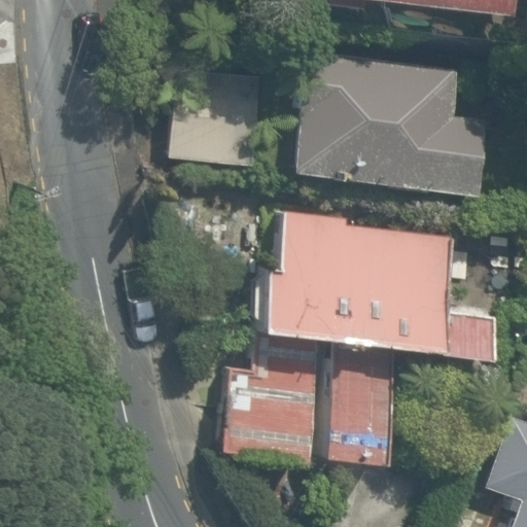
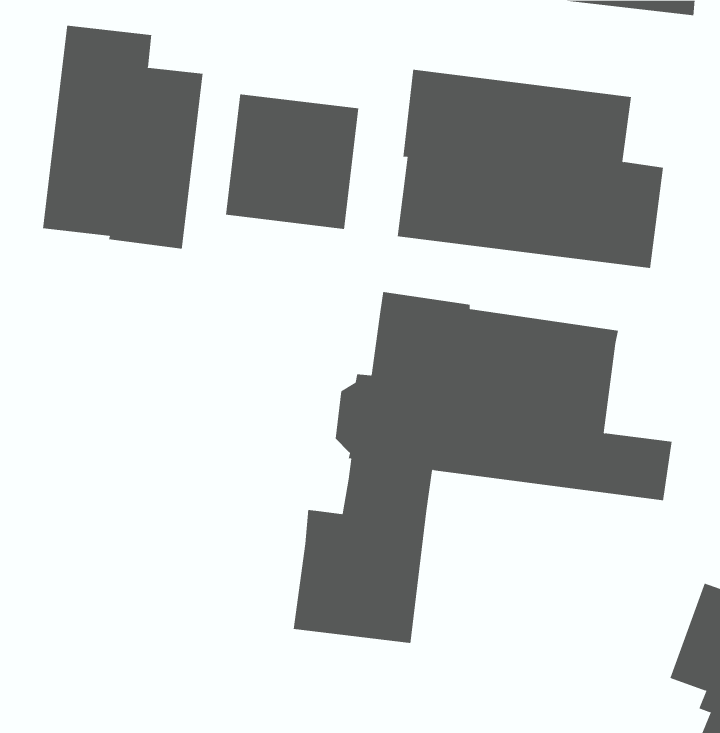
building: none -> [43,25,203,249]
building: [320,344,394,463] -> none

